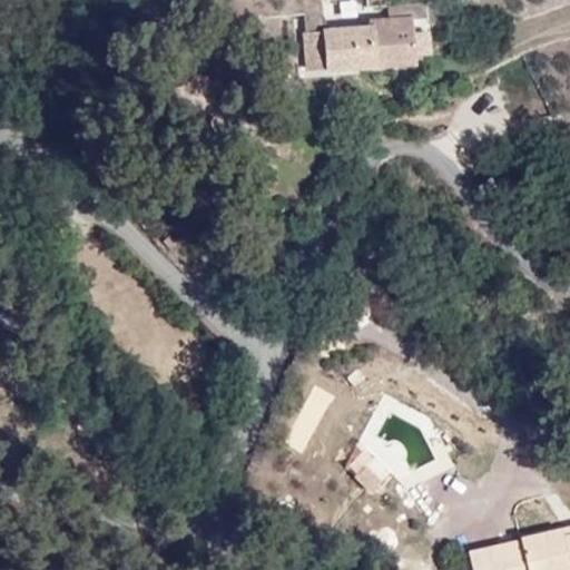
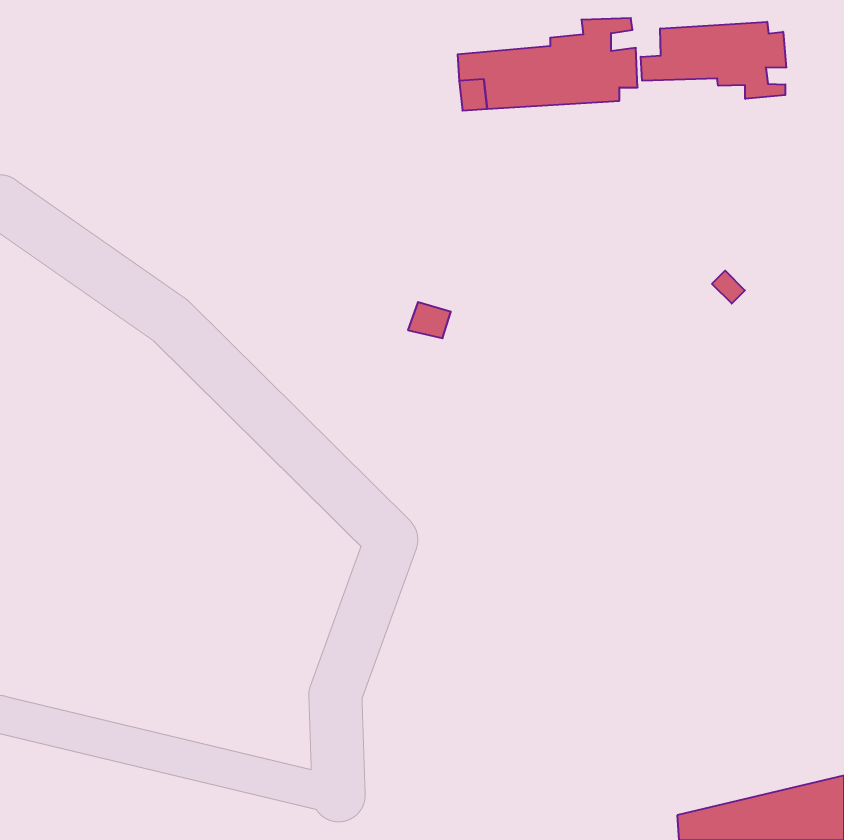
building: none -> [641,22,786,99]

